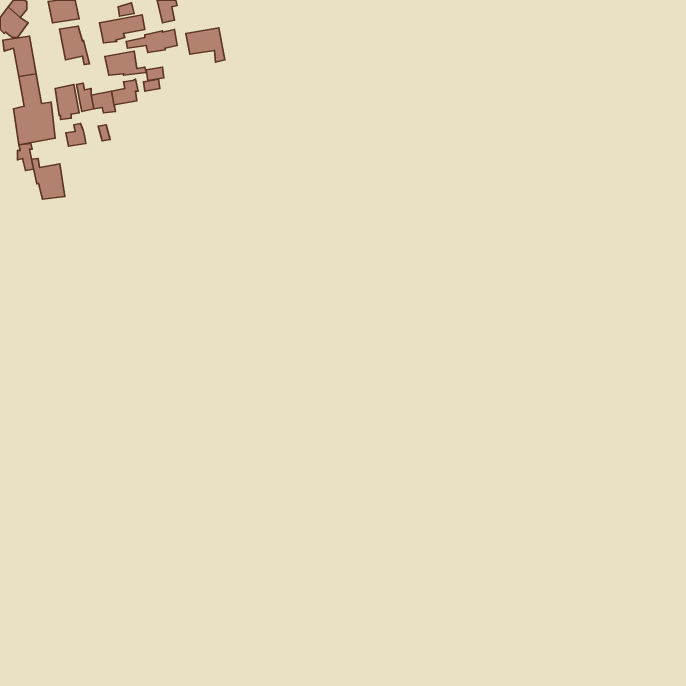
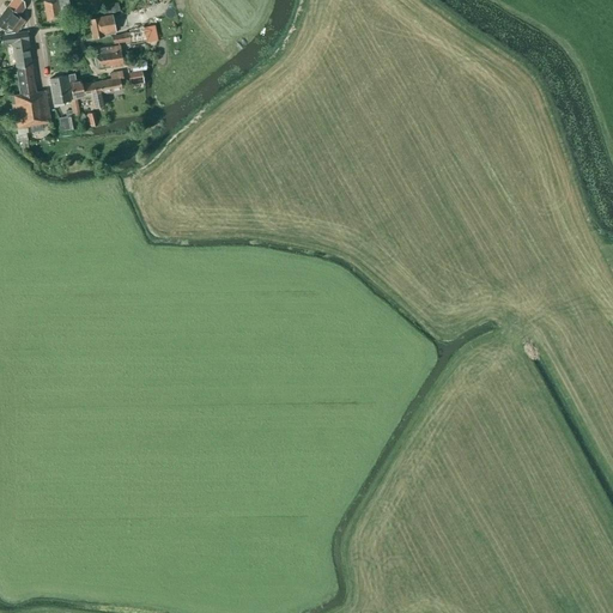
building: [60,26,89,64] -> none
building: [186,28,225,62] -> none
building: [32,159,65,199] -> none

